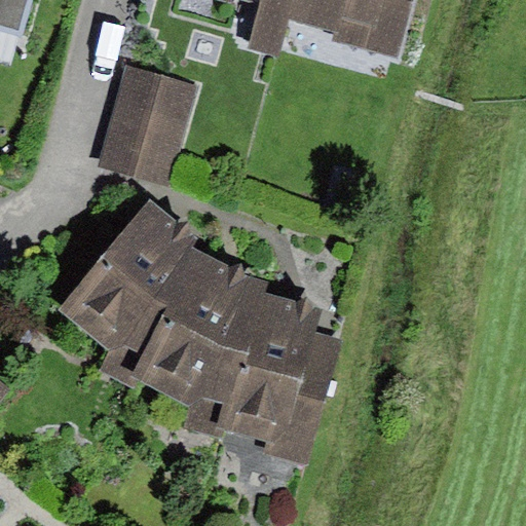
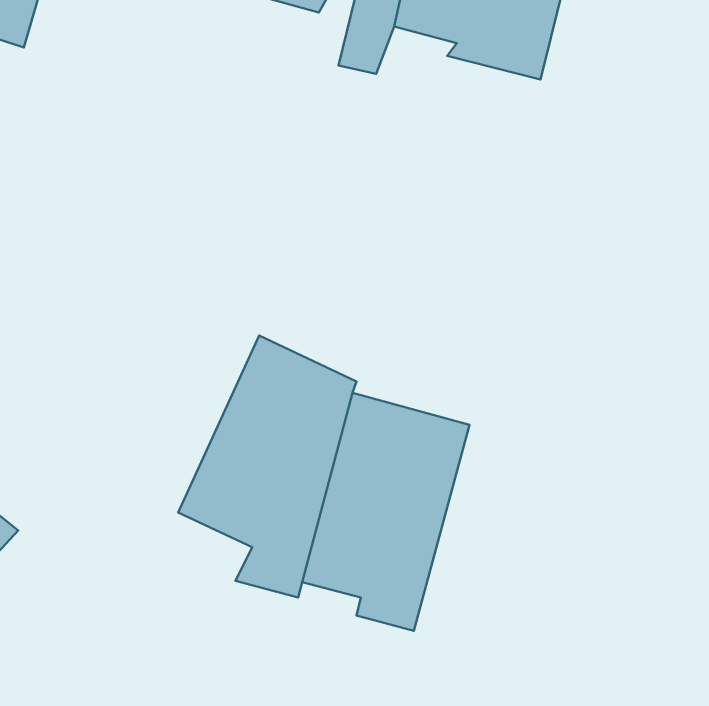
building: [96,62,193,181] -> none
building: [60,202,196,386] -> none

